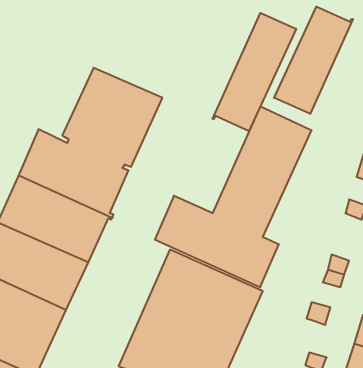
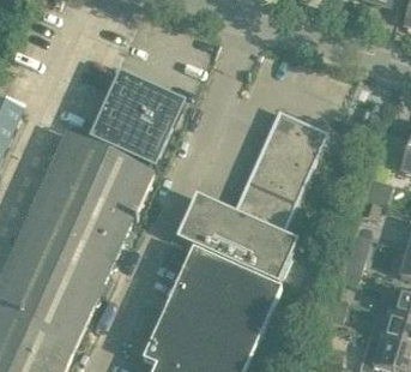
building: [274,7,353,114] -> none
building: [213,13,296,131] -> none

